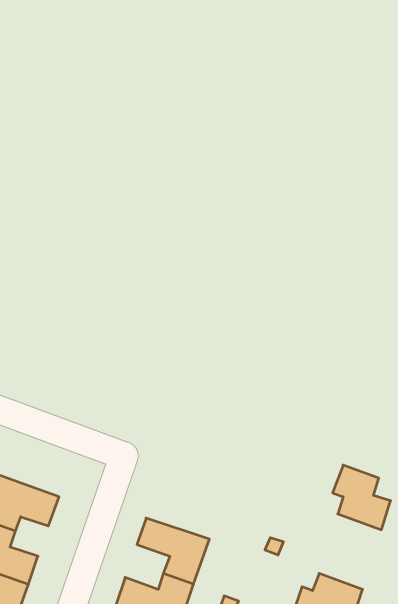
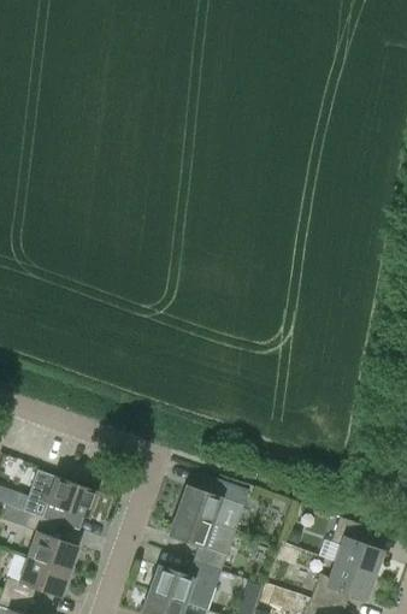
building: [333,465,391,530] -> [329,518,382,577]
building: none -> [176,482,248,531]

